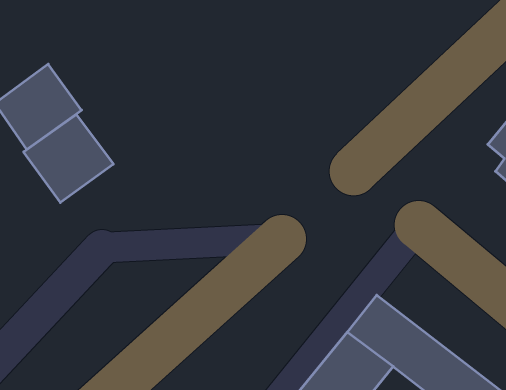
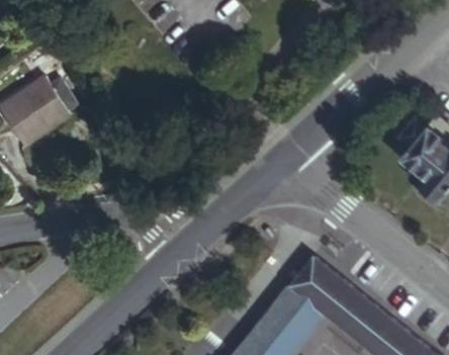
building: [24,115,113,203] -> none

